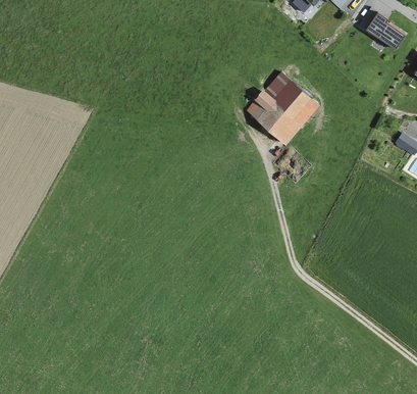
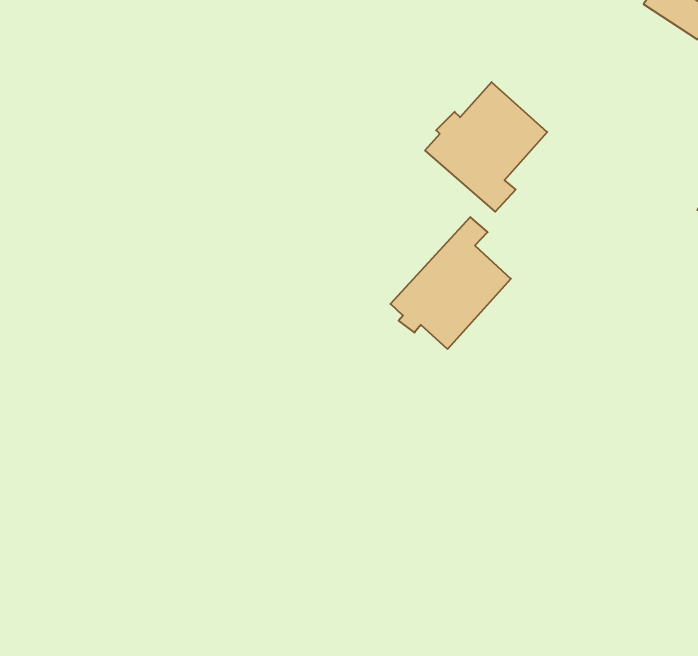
building: none -> [390,217,511,349]

